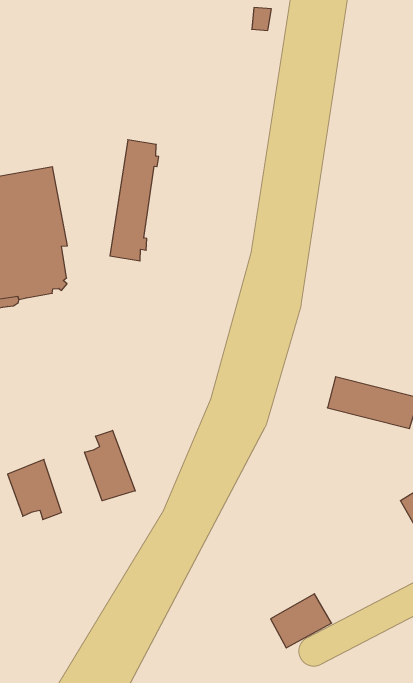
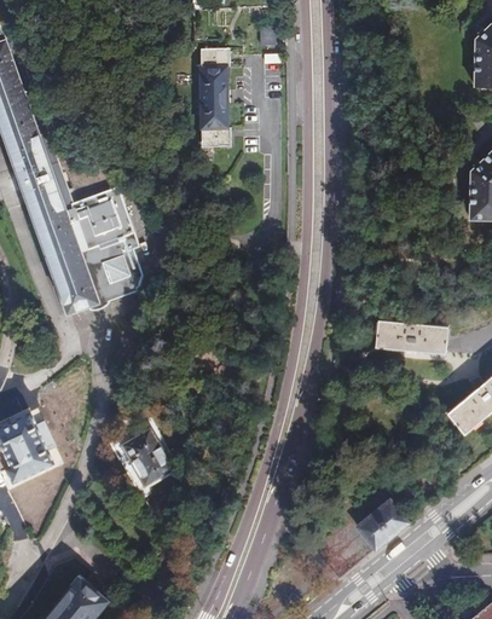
building: [110,140,159,261] -> [199,48,230,146]
building: [85,430,135,501] -> none

